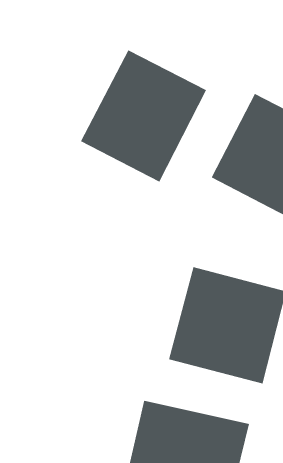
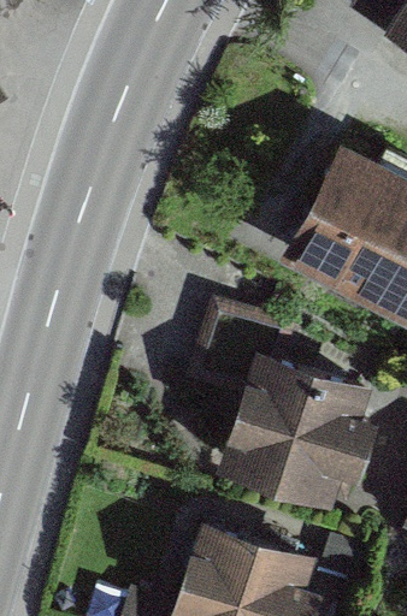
building: [80,50,207,182] -> none

